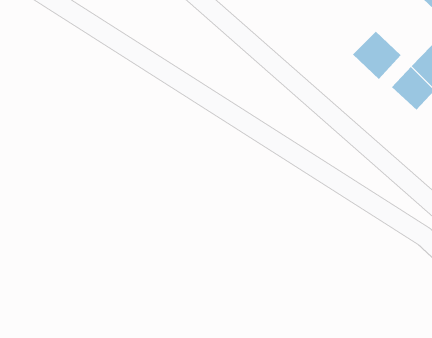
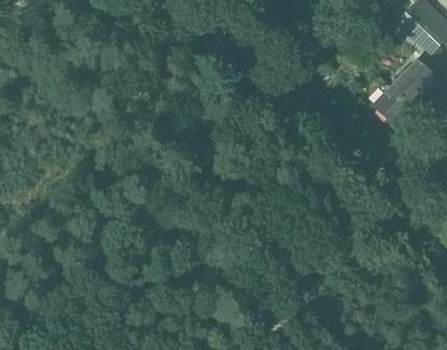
building: [352,31,401,80] -> none

